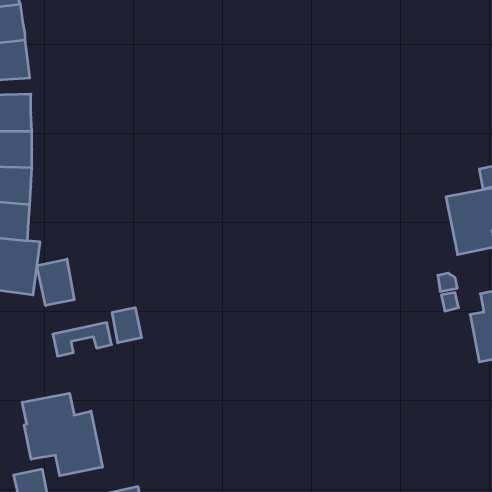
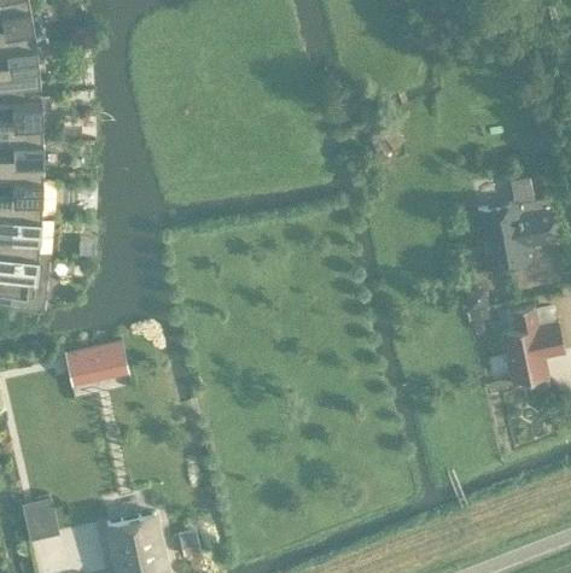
building: [37,259,74,306] -> none
building: [112,308,142,343] -> none
building: [22,393,102,476] -> none

